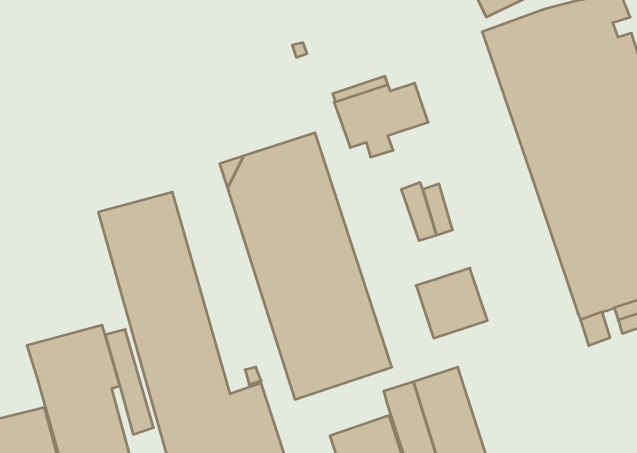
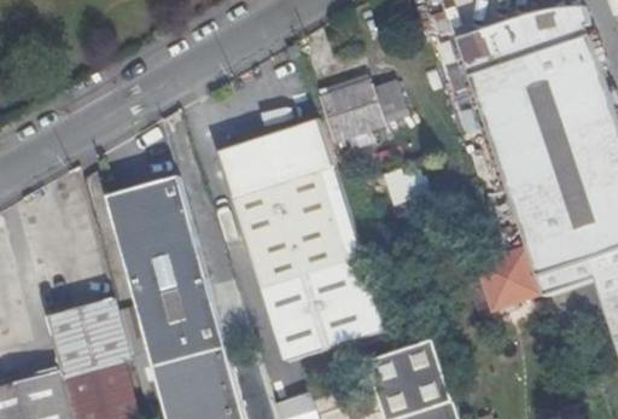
building: [416,268,487,338] -> [474,241,538,304]

